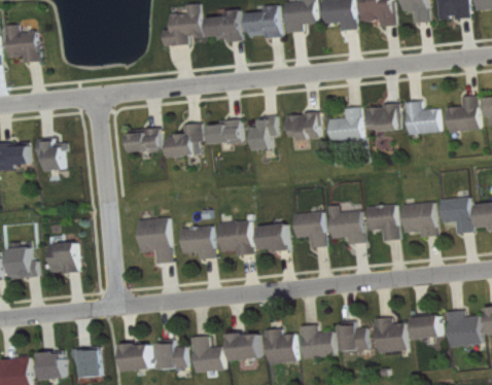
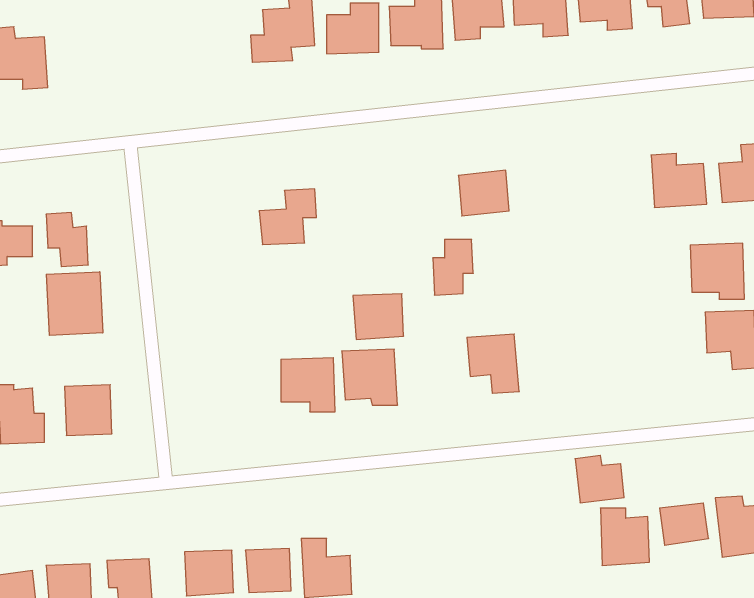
building: [367,104,397,131] -> none
building: [328,107,360,140] -> none
building: [251,115,276,149] -> [433,239,473,295]
building: [208,121,240,143] -> none
building: [127,130,160,151] -> none
building: none -> [46,272,103,335]
building: [400,202,433,236] -> [690,243,744,299]
building: [365,204,396,240] -> none
building: [326,205,362,244] -> none
building: [136,217,169,262] -> none
building: [256,223,287,251] -> [353,294,404,339]
building: [337,322,366,351] -> [575,455,624,503]
building: [298,324,332,357] -> none
building: [265,328,295,362] -> none
building: [227,332,258,359] -> none

